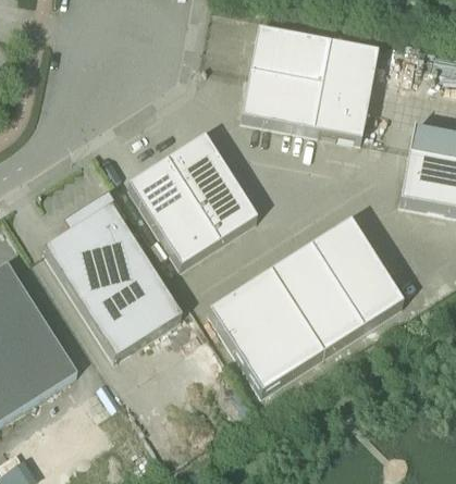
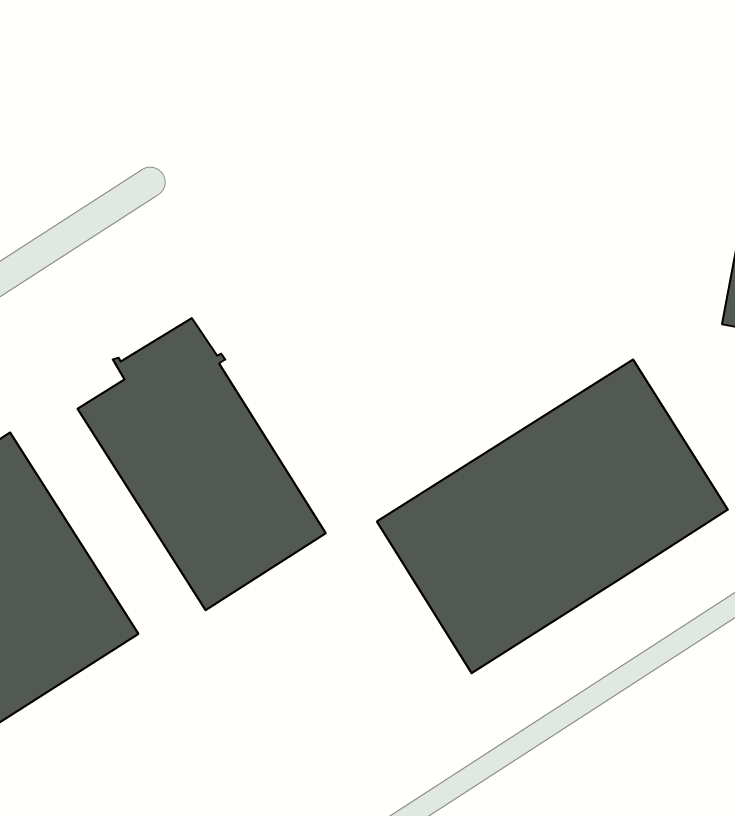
building: [241,25,378,137] -> none
building: [128,133,257,263] -> none

